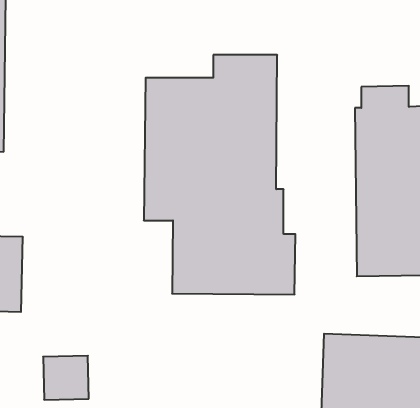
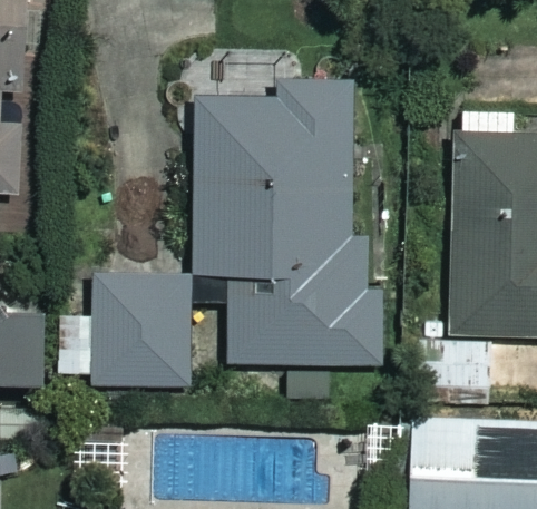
building: none -> [92,270,188,389]

